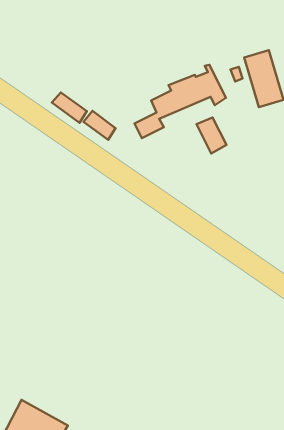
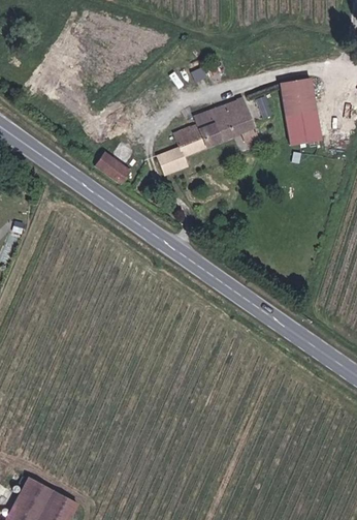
building: [52,92,87,123] -> none
building: [197,117,227,153] -> none

